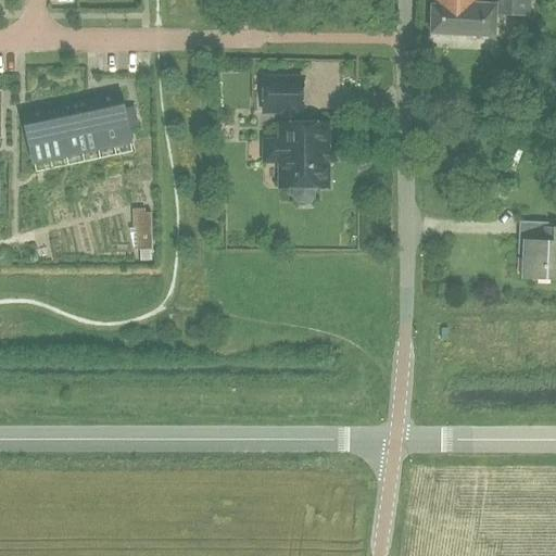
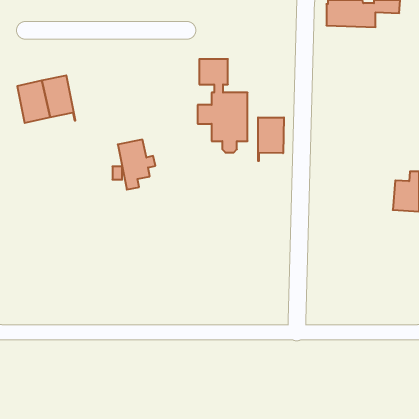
building: [88,93,138,160] -> [118,140,155,190]
building: none -> [258,117,284,161]

